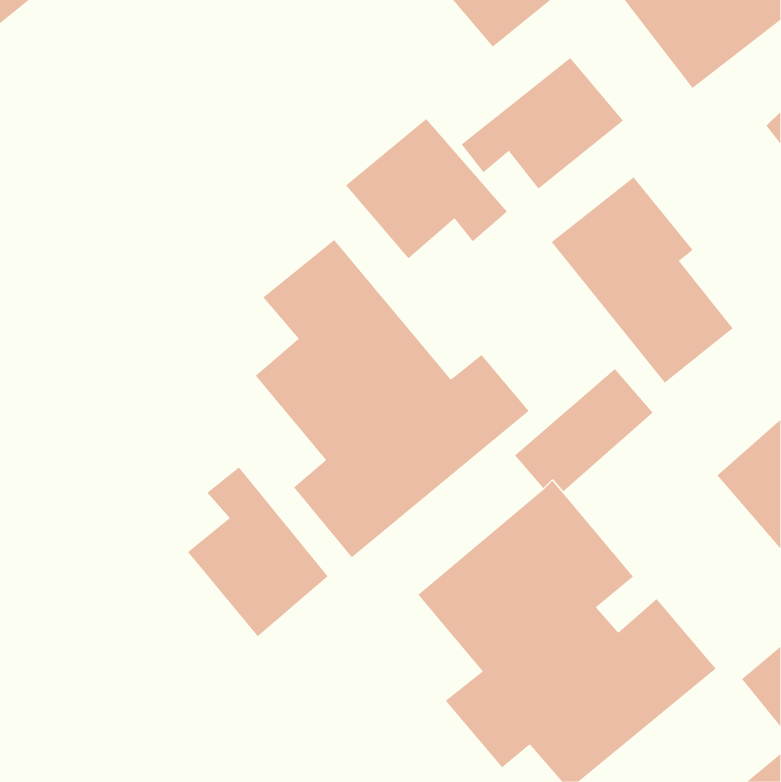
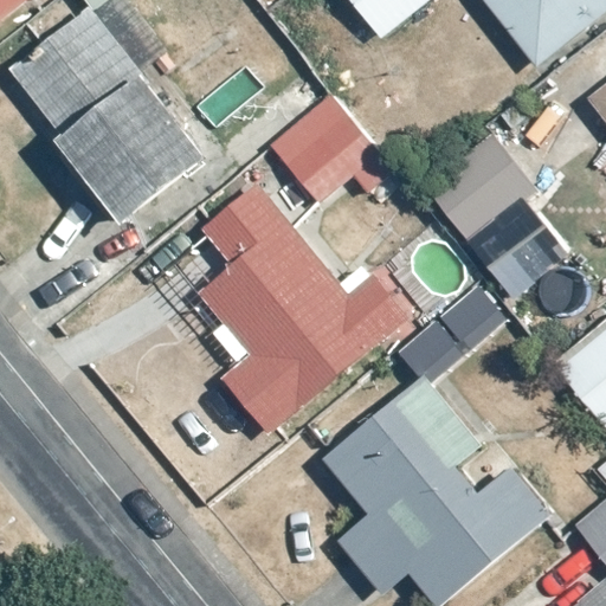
building: none -> [7,7,209,225]
building: [461,57,624,189] -> none
building: [187,467,328,637] -> none

